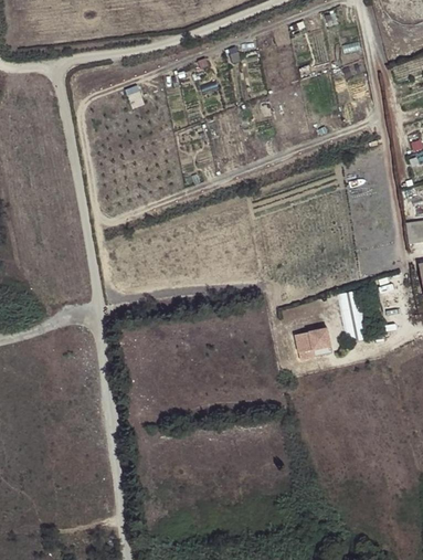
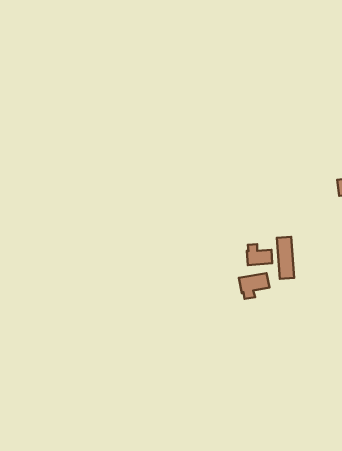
building: none -> [247,244,272,265]

